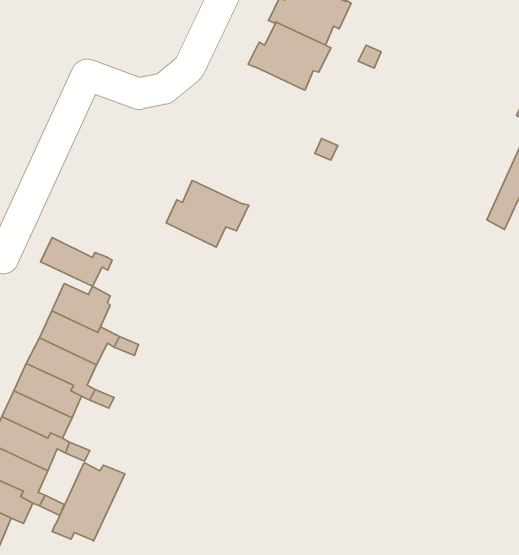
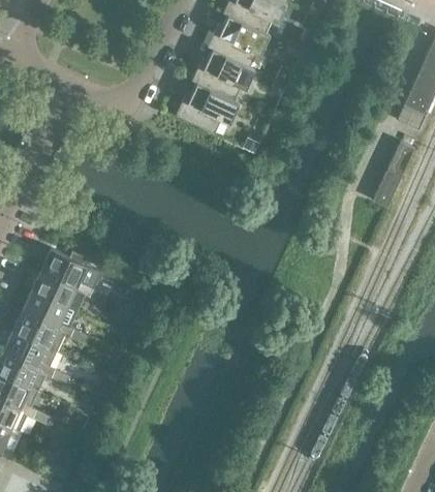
building: [166,181,249,247] -> [176,82,239,132]
building: [40,237,112,286] -> none
building: [52,463,125,541] -> none

